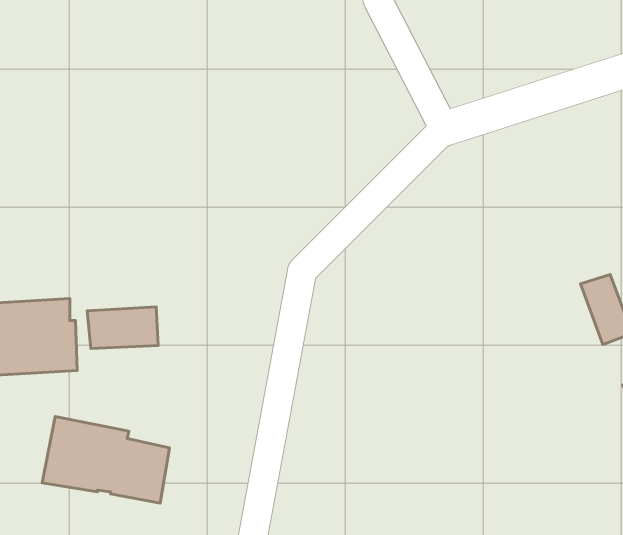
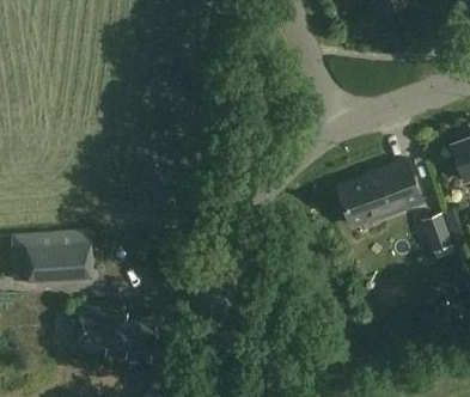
building: none -> [340,158,425,224]
building: [87,307,158,349] -> none

